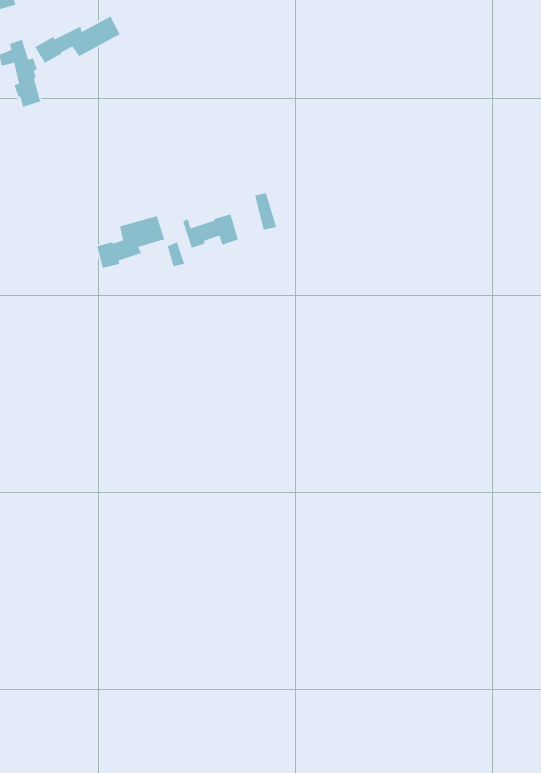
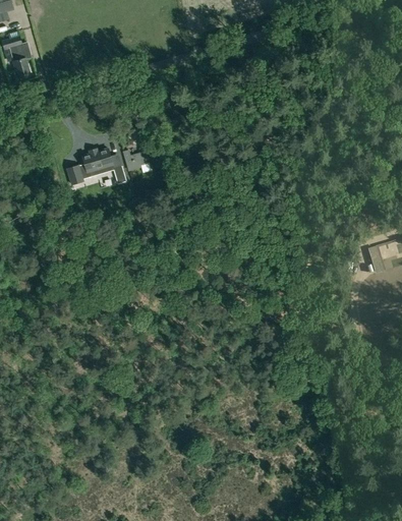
building: [34,16,121,64] -> none

